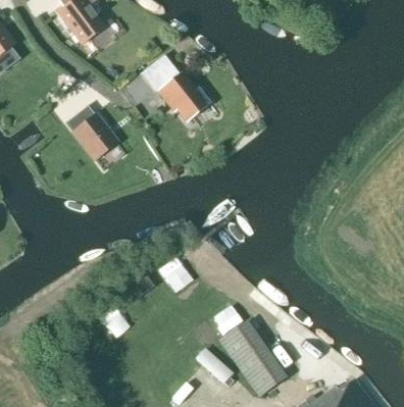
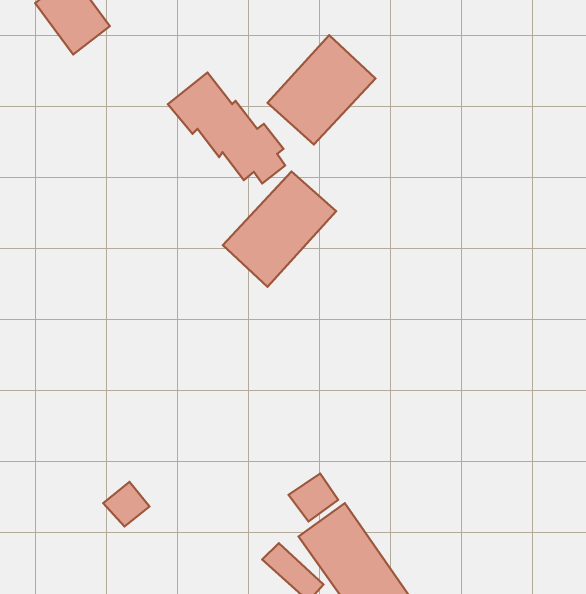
building: none -> [267,35,376,145]
building: [65,106,116,161] -> none
building: none -> [223,171,336,287]

